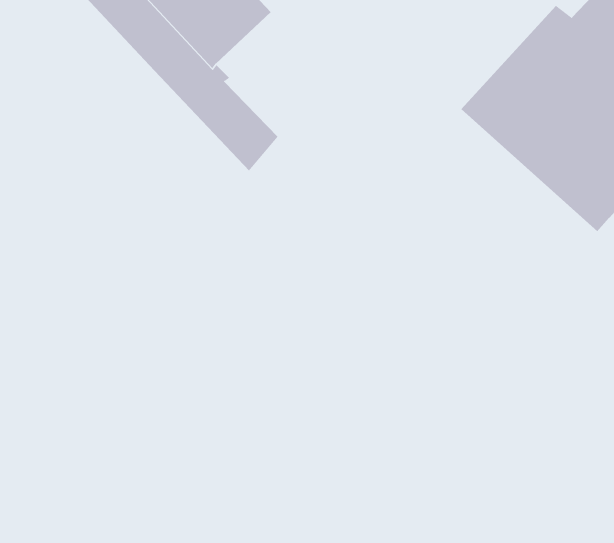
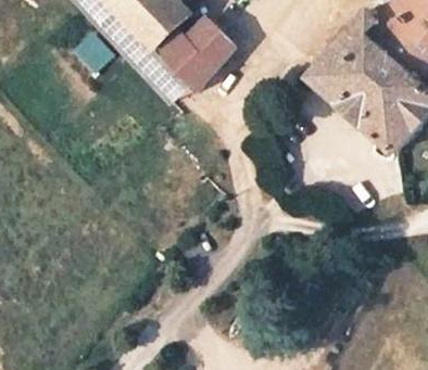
building: none -> [163,18,236,90]

